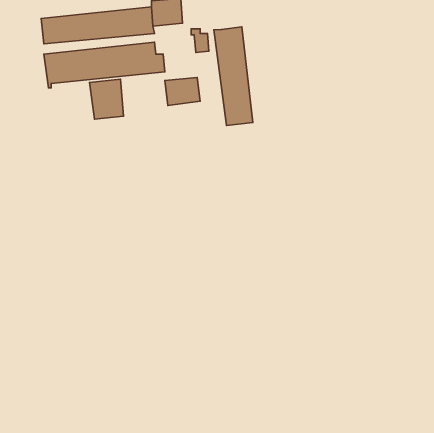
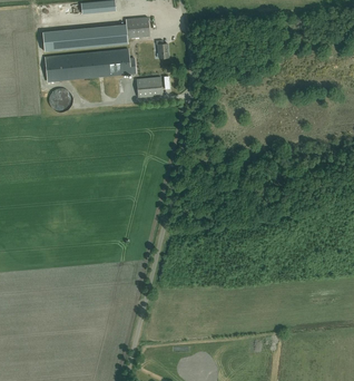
building: [214,27,253,125] -> none
building: [89,79,124,119] -> none

